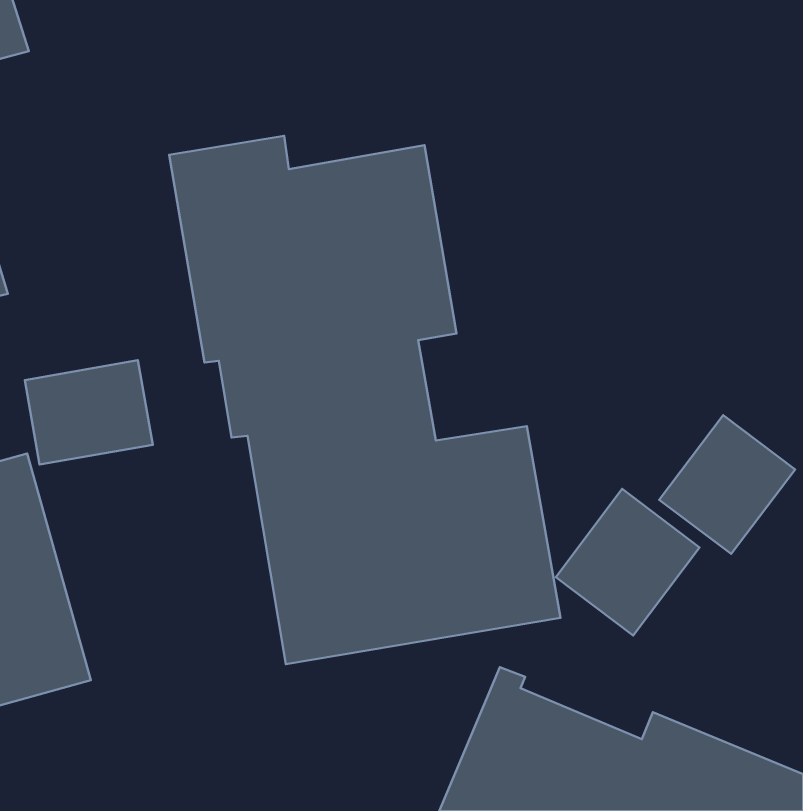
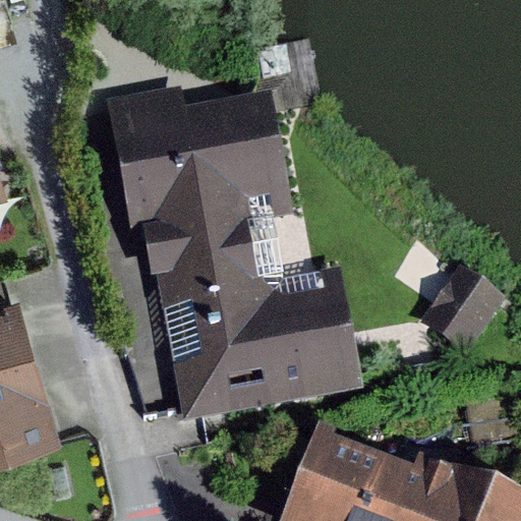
building: [25,360,153,465] -> none
building: [556,489,700,636] -> none

